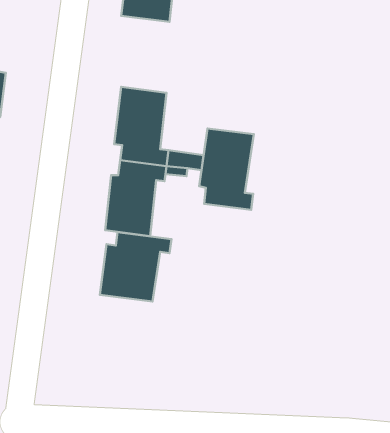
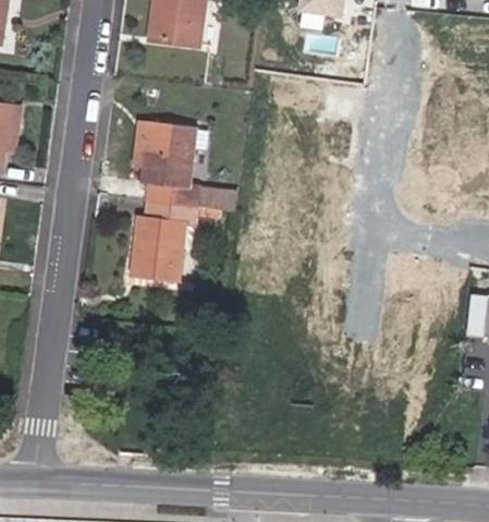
building: [199,128,254,210] -> none
building: [100,232,171,301] -> none

